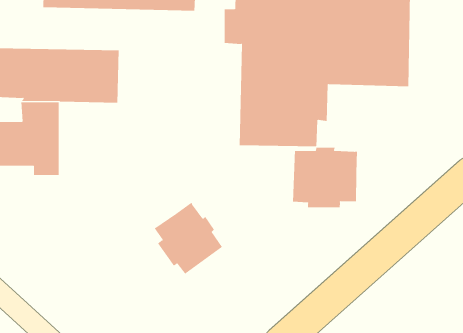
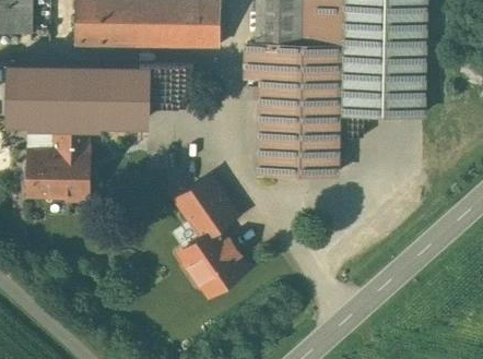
building: [293,147,357,208] -> none
building: none -> [174,175,236,237]

